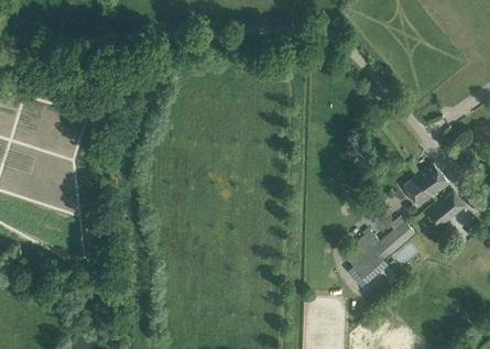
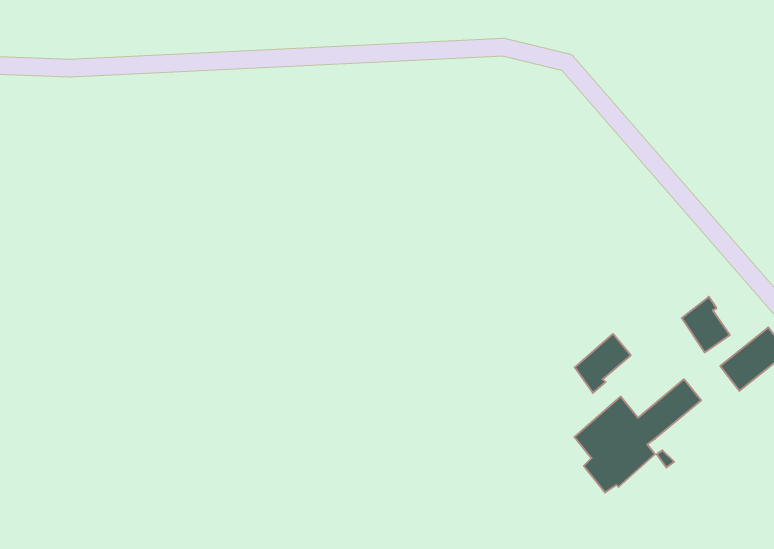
building: [420,164,449,196] -> none
building: none -> [575,334,631,393]

